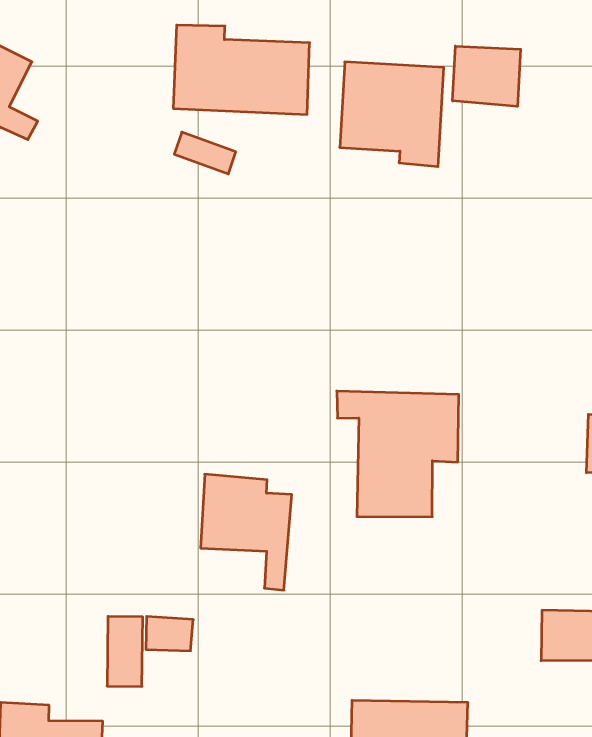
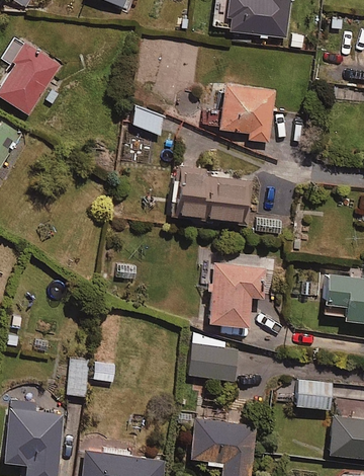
building: [173,25,310,114] -> [171,163,246,217]
building: [453,46,521,106] -> none
building: [201,474,292,590] -> [188,336,239,401]

